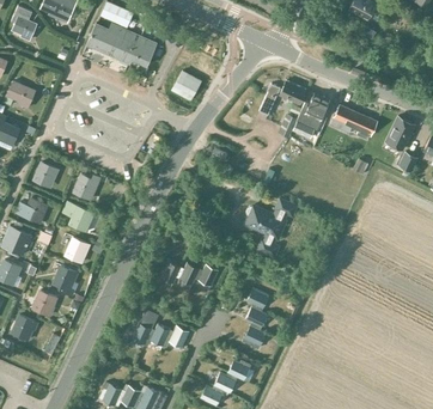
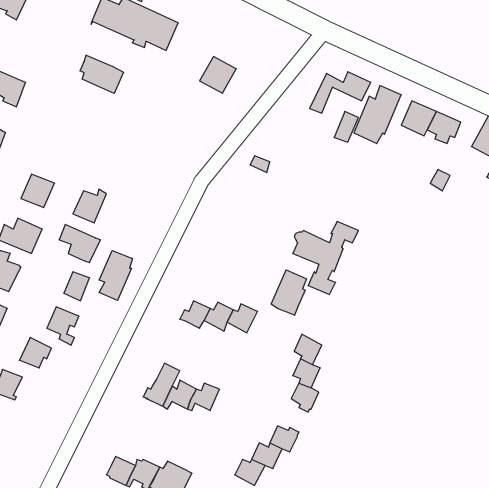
building: none -> [80,55,123,93]
building: none -> [99,251,132,300]
building: none -> [271,270,306,315]

